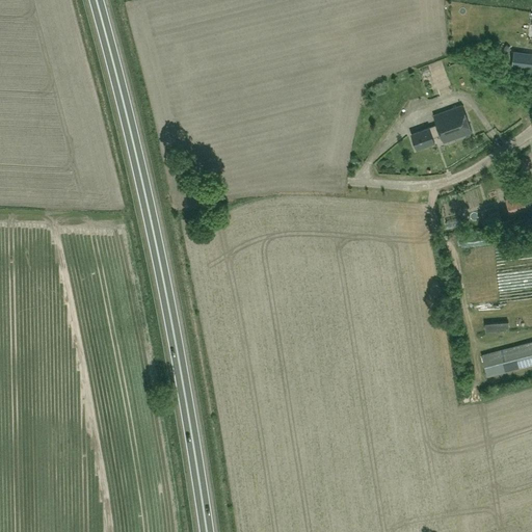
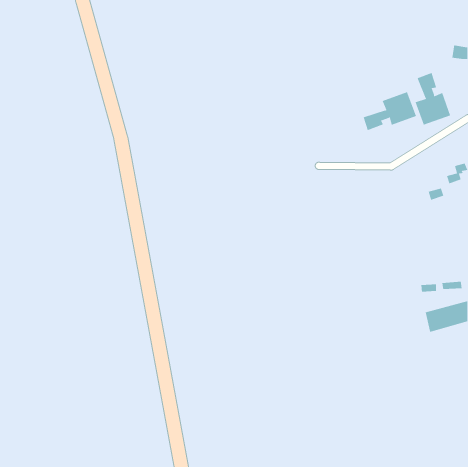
building: none -> [415,72,451,125]

